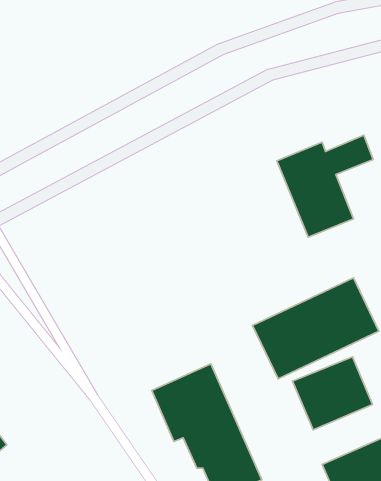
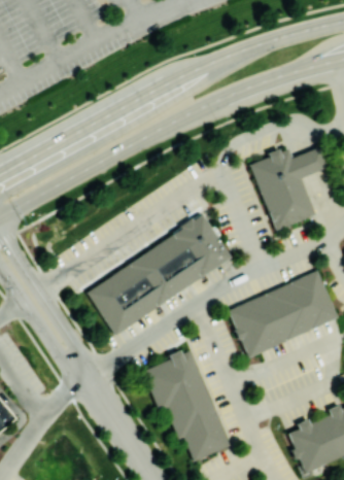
building: none -> [83,213,229,334]
building: [292,357,373,430] -> none

